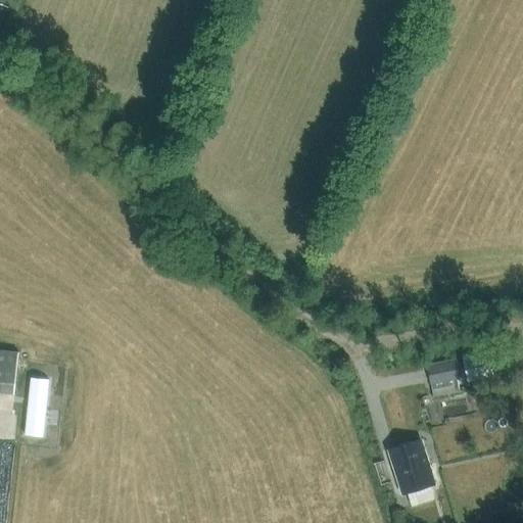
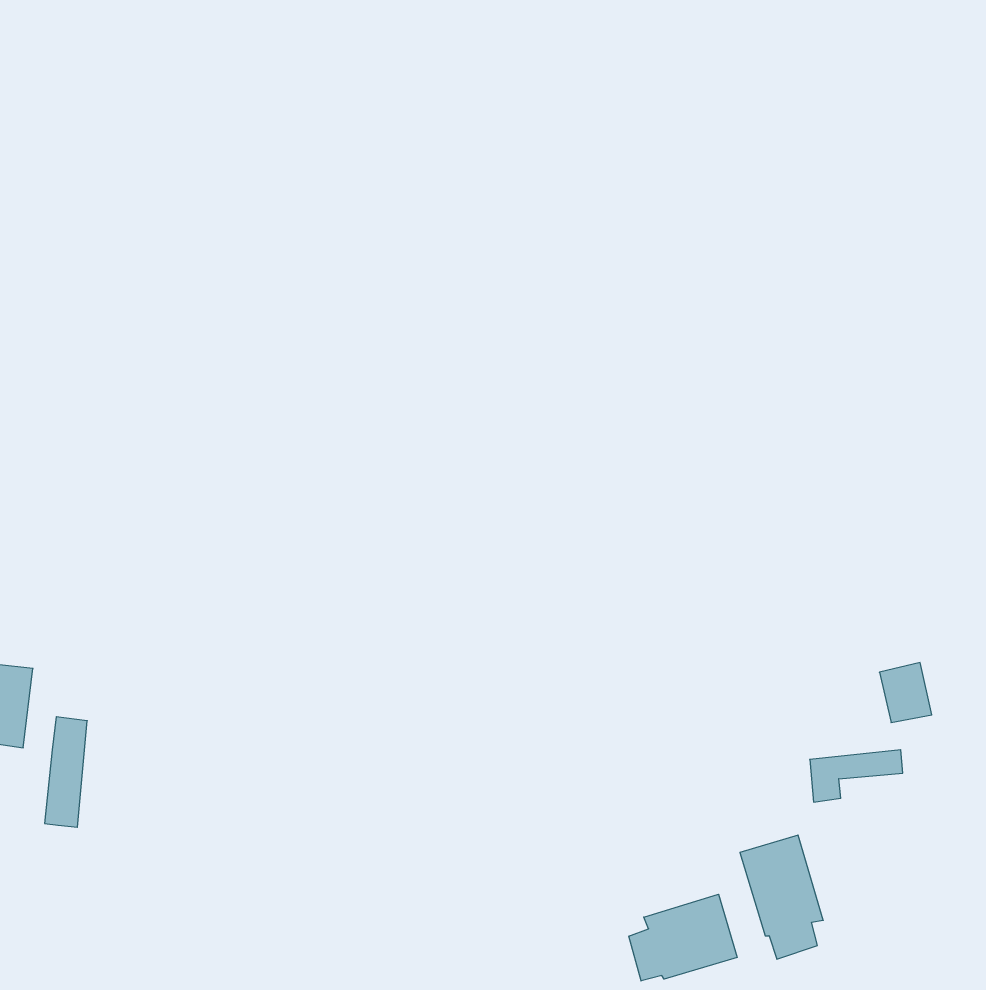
building: [424,359,460,384] -> none
building: none -> [629,894,737,981]

